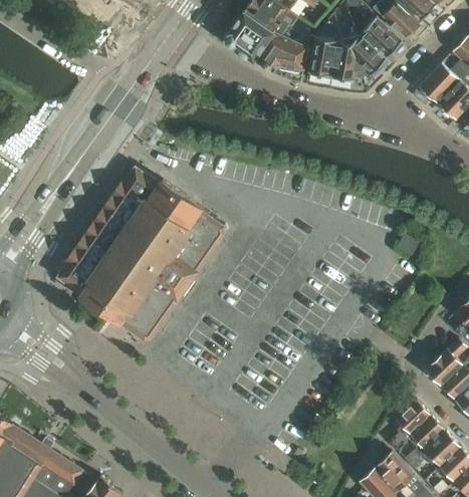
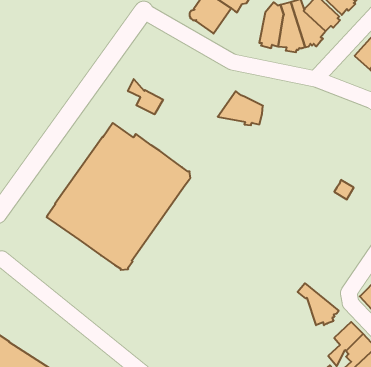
building: [254,31,307,71] -> [218,91,263,125]
building: none -> [128,79,163,114]
building: none -> [298,283,339,325]

